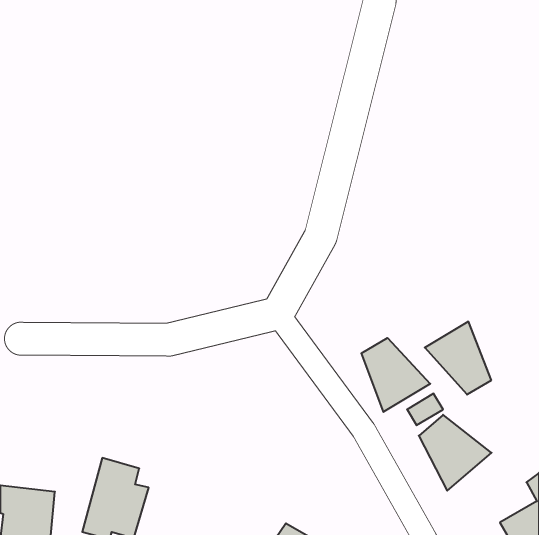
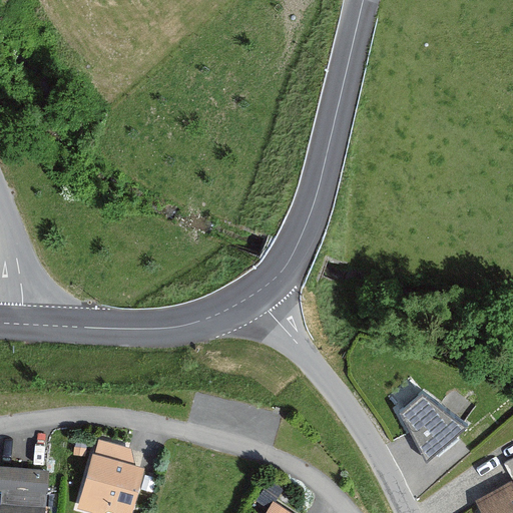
building: [425,321,491,395] -> none
building: [361,338,430,412] -> none

